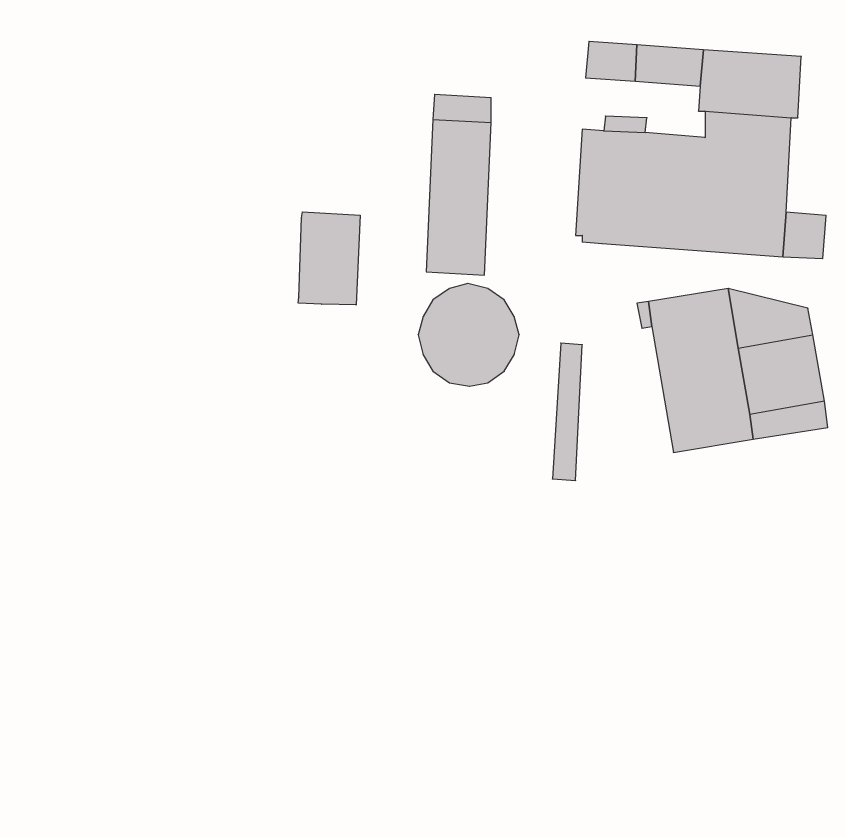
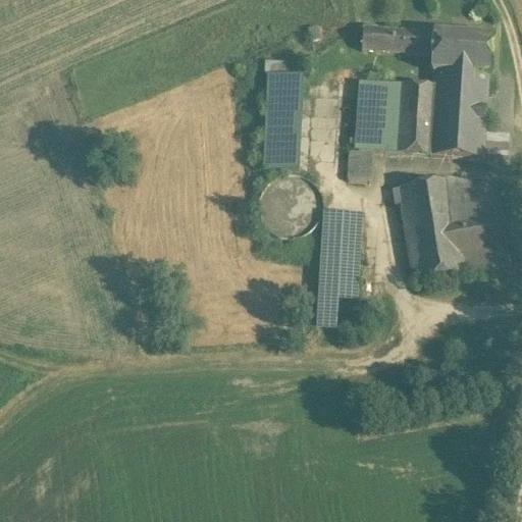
building: [298,212,360,305] -> none
building: none -> [347,149,370,180]
building: none -> [316,210,342,324]

